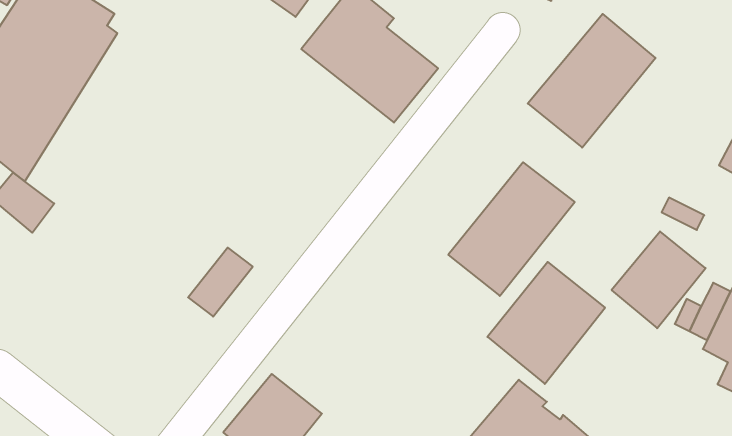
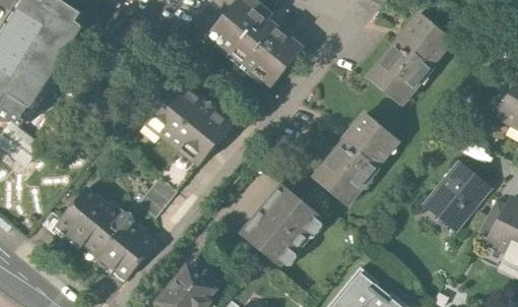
building: none -> [145,78,233,163]
building: [487,262,605,384] -> [242,182,323,266]
building: none -> [52,184,156,283]

